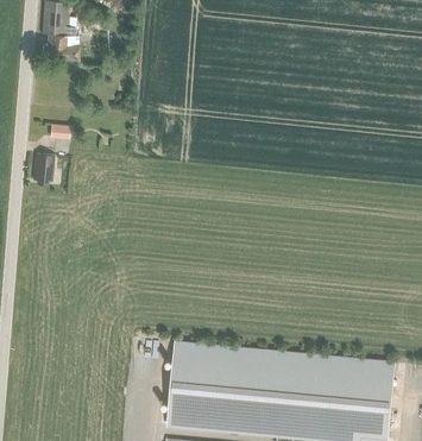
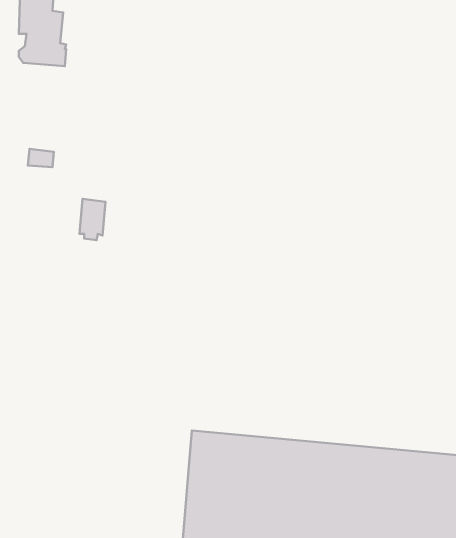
building: [32,153,52,185] -> [80,199,106,240]

